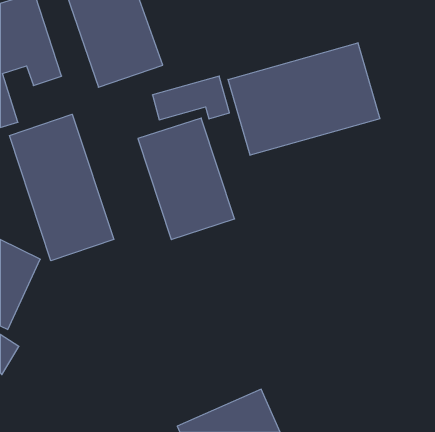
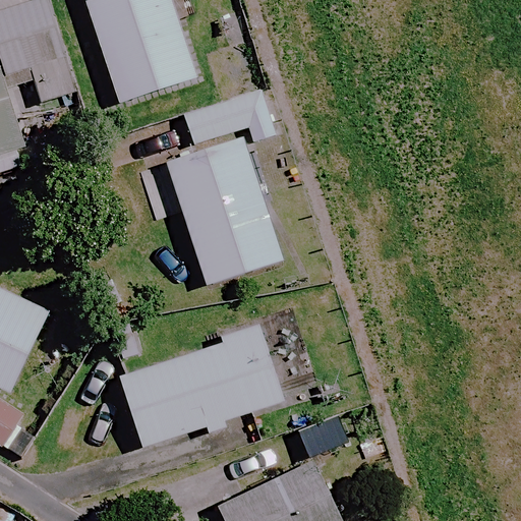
building: [228,43,380,155] -> none
building: [9,114,114,261] -> none
building: none -> [119,330,282,448]

